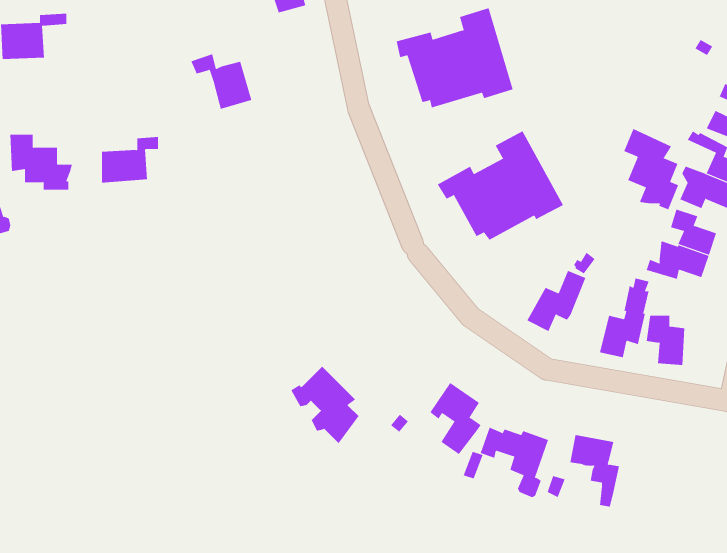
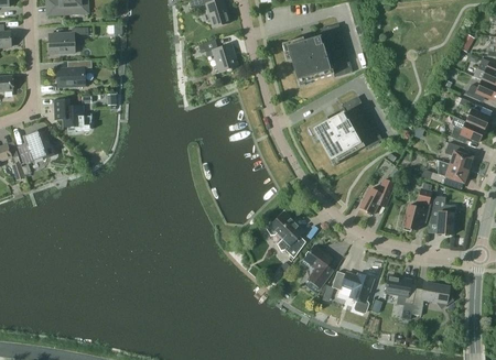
building: [190,54,252,109] -> [202,39,238,72]
building: [623,128,679,210] -> none
building: [101,136,159,183] -> [57,59,91,87]
building: [290,366,359,444] -> [265,211,305,258]
building: none -> [411,282,451,316]

